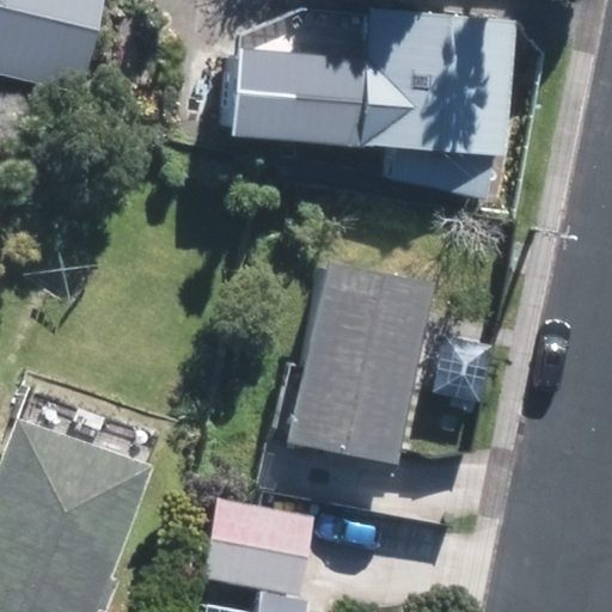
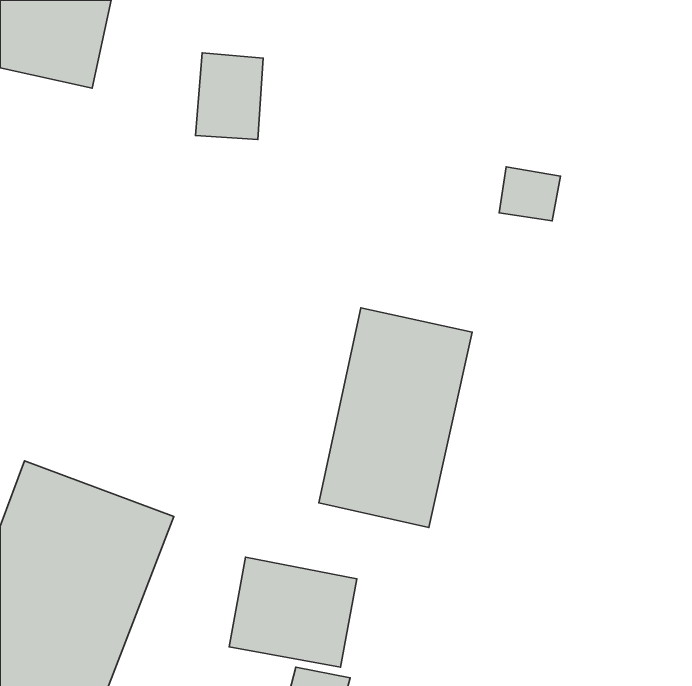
building: [366,20,519,151] -> none
building: [234,54,363,136] -> none

